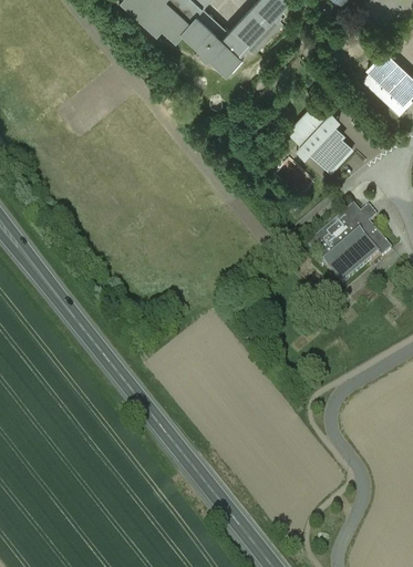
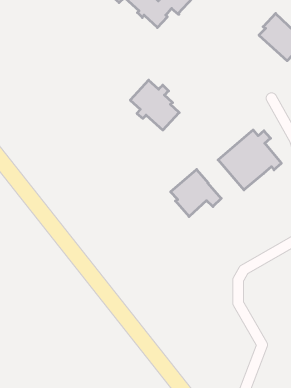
building: [288,107,353,174] -> [130,80,179,130]
building: none -> [171,169,221,217]

